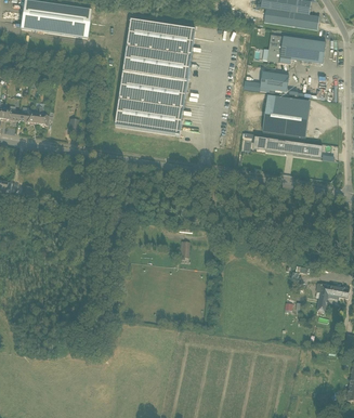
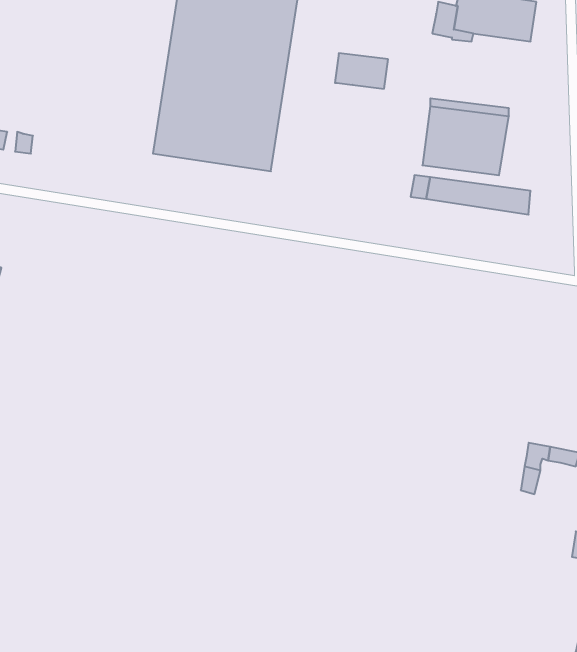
building: [260,70,289,90] -> [335,53,388,89]

